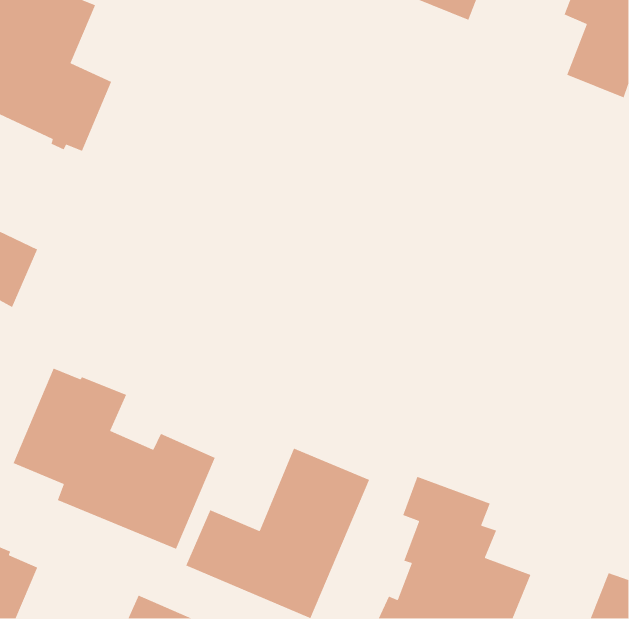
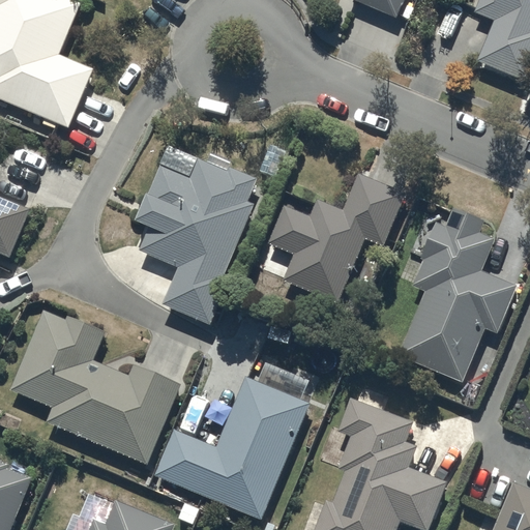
building: none -> [138,155,256,325]
building: none -> [269,173,405,302]
building: none -> [398,210,517,381]

